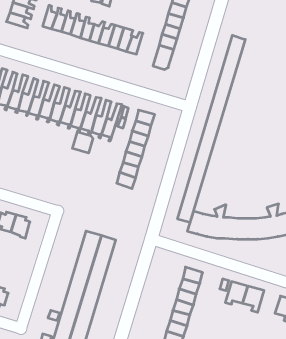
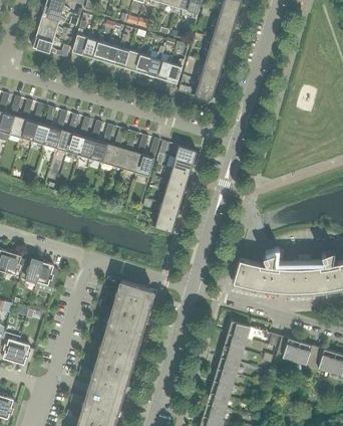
building: [178,35,245,223] -> none
building: [72,132,93,153] -> none
building: none -> [311,347,336,373]

